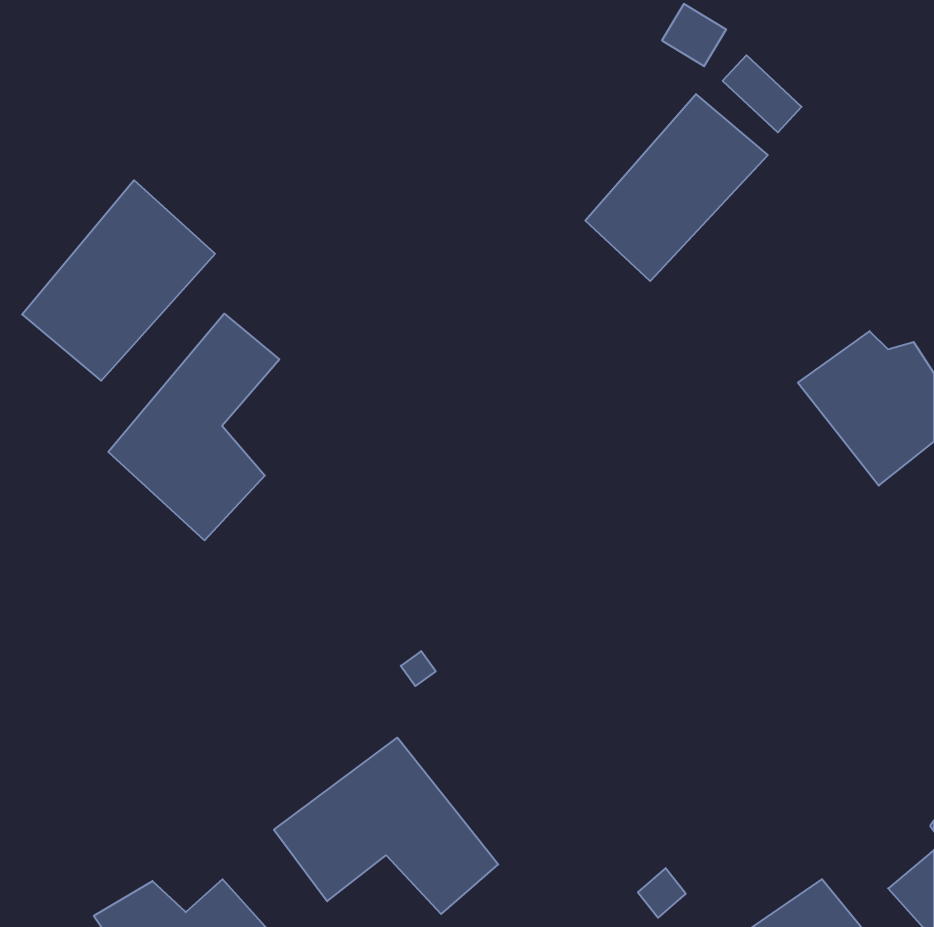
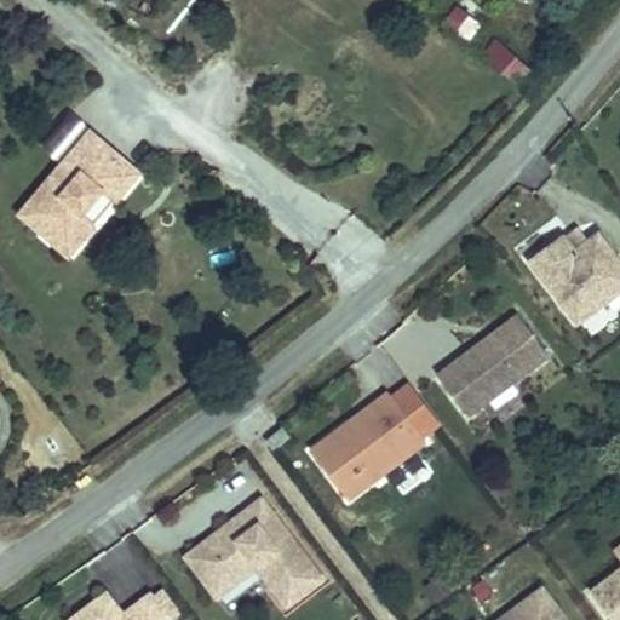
building: [585,94,768,281] -> none
building: [108,314,279,540] -> none
building: none -> [436,311,550,418]
building: none -> [309,383,442,506]

